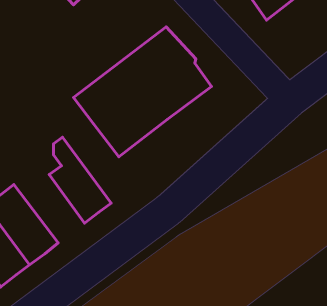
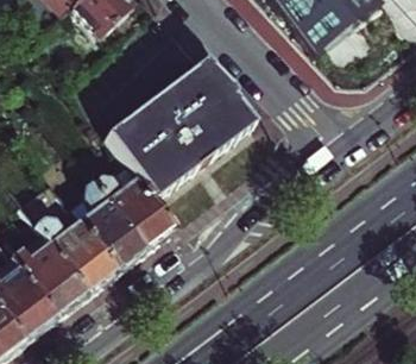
building: none -> [93,164,174,250]
building: none -> [34,215,116,293]

